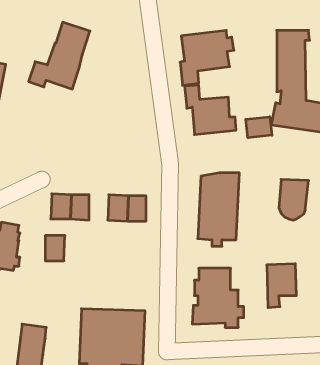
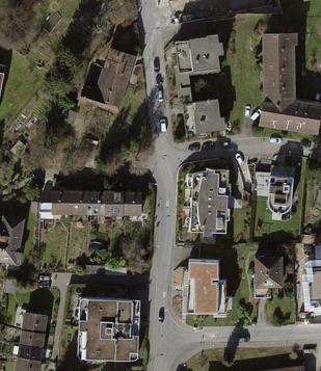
building: [29,22,90,89] -> [79,47,137,110]
building: [246,117,272,138] -> none
building: [45,236,65,261] -> [86,189,105,213]

